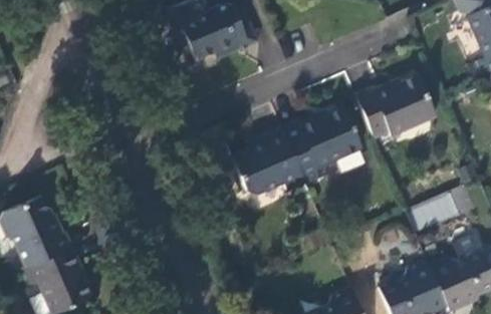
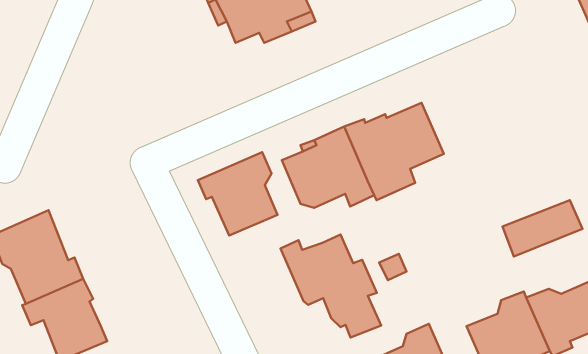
building: [355,75,437,138] -> none
building: none -> [198,152,278,236]
building: none -> [281,235,381,337]

